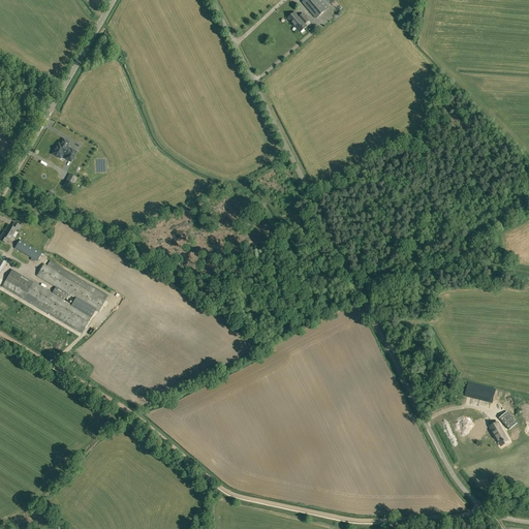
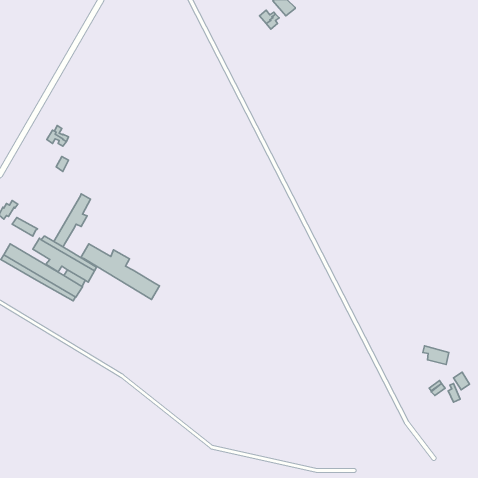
building: none -> [54,194,91,247]
building: none -> [81,244,160,299]

